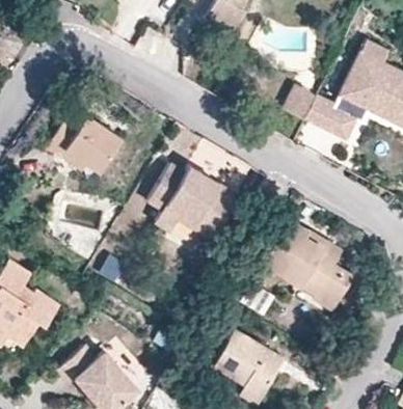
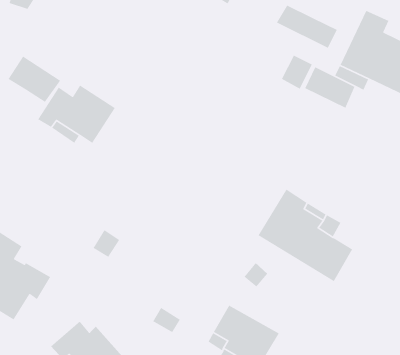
building: none -> [276,4,338,49]
building: none -> [7,56,61,103]
building: [146,163,239,240] -> none

